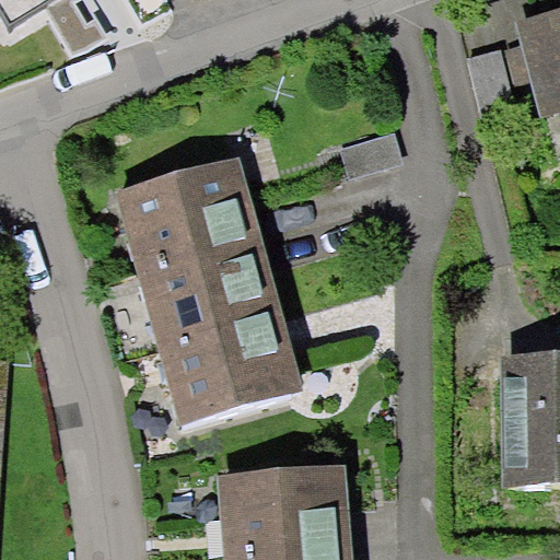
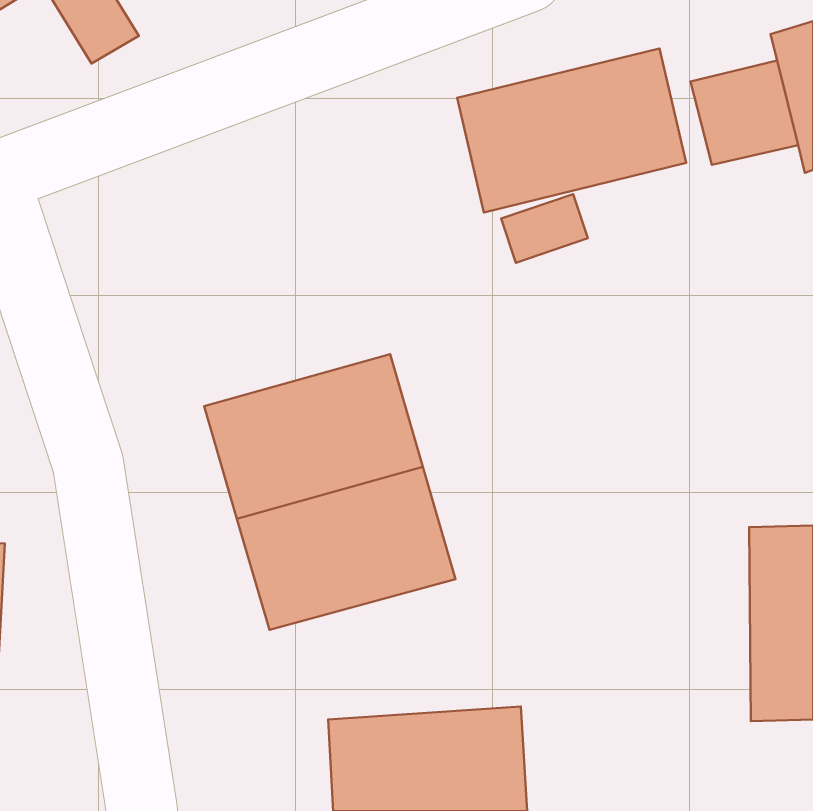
building: none -> [457,48,686,212]
building: [116,162,261,272] -> none

